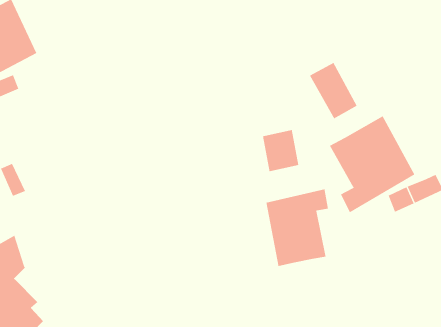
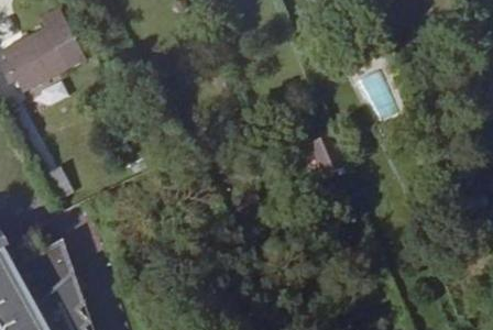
building: [329,116,415,213] -> none
building: [266,188,328,267] -> none

